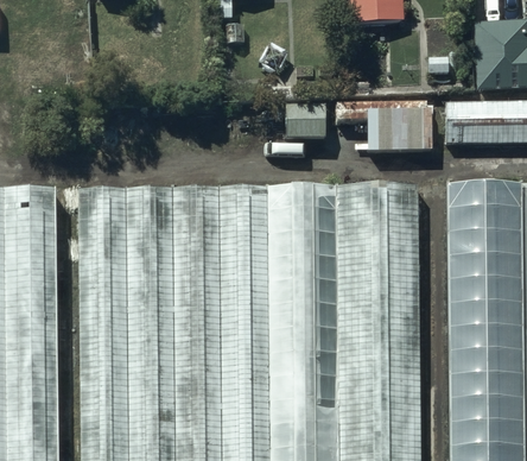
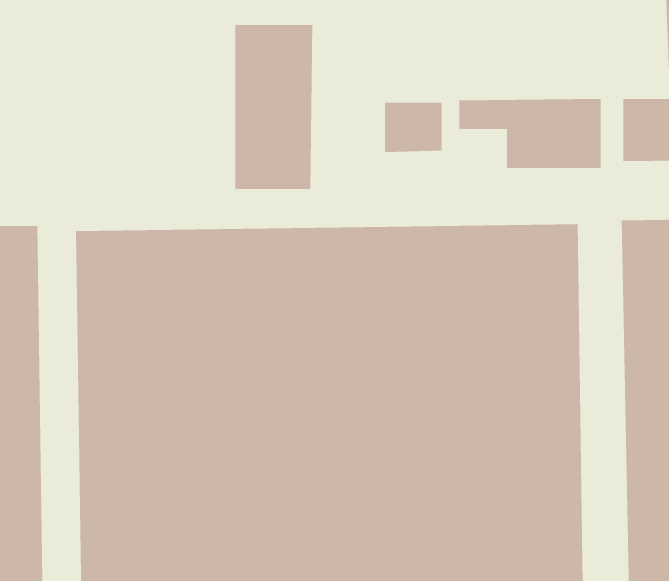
building: none -> [235,24,313,190]

